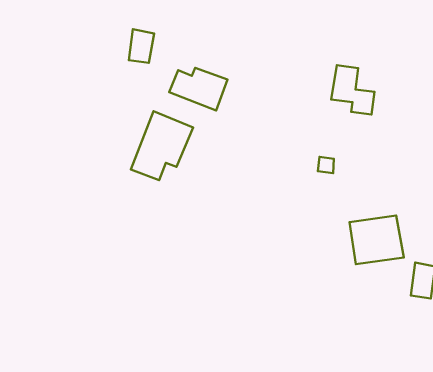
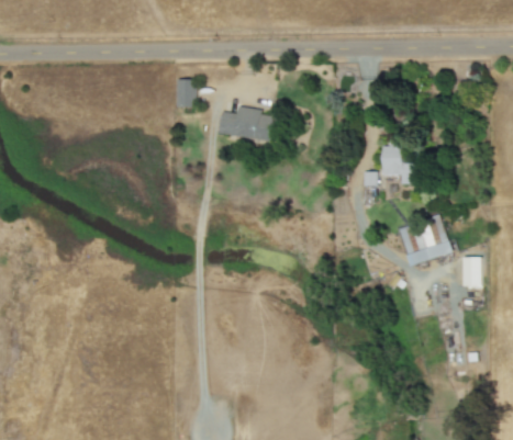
building: [331,65,374,114] -> [381,144,420,184]
building: [131,111,193,180] -> none

